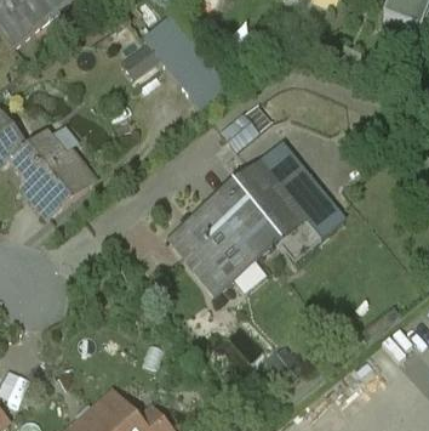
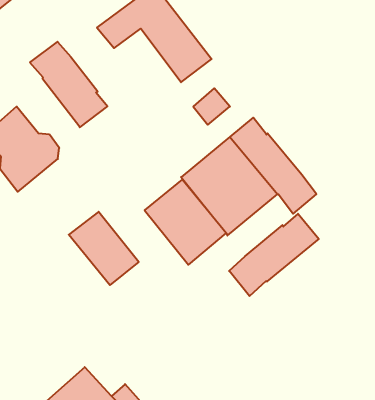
building: none -> [30,42,107,127]
building: none -> [69,212,139,285]
building: none -> [229,214,319,296]

